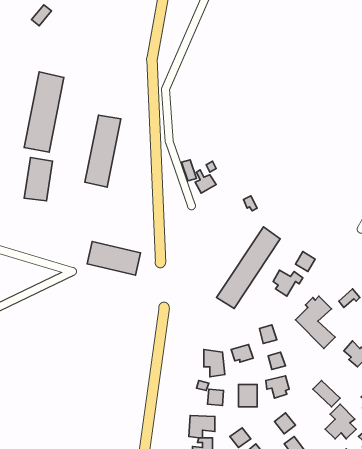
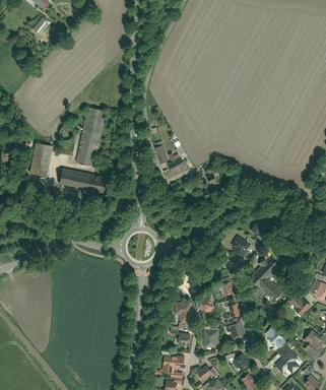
building: [24,72,64,152] -> none
building: [216,227,280,309] -> none
building: [87,242,140,275] -> [60,168,104,195]

